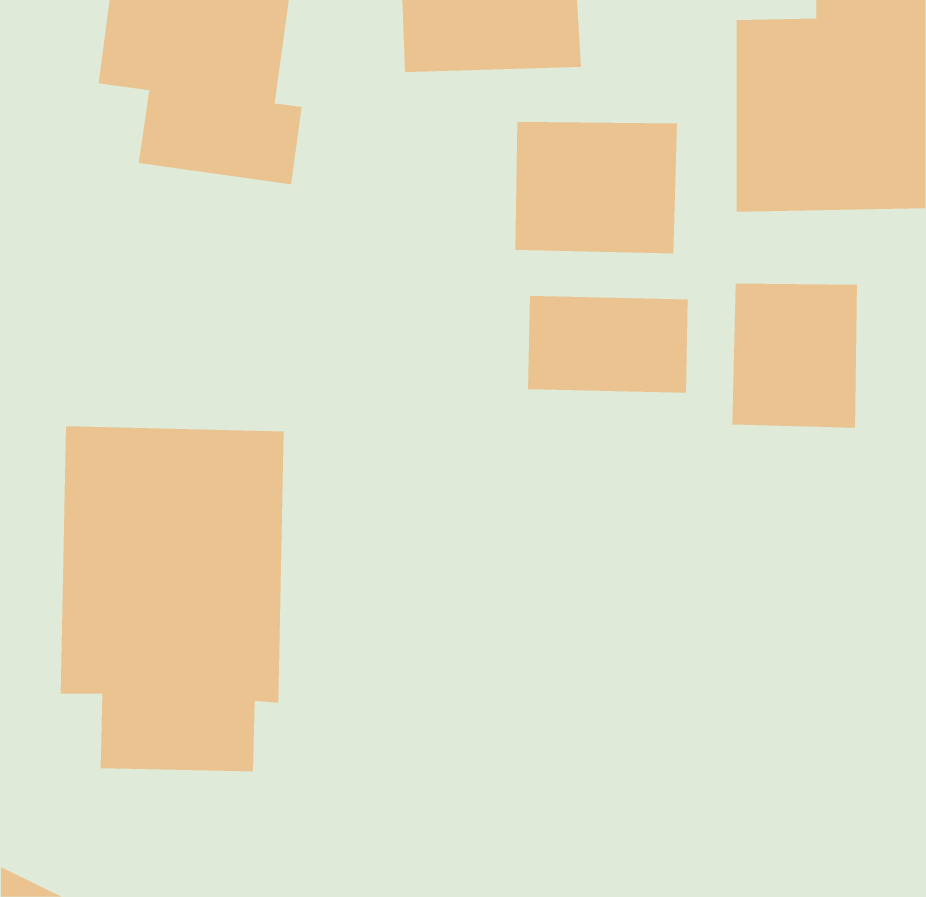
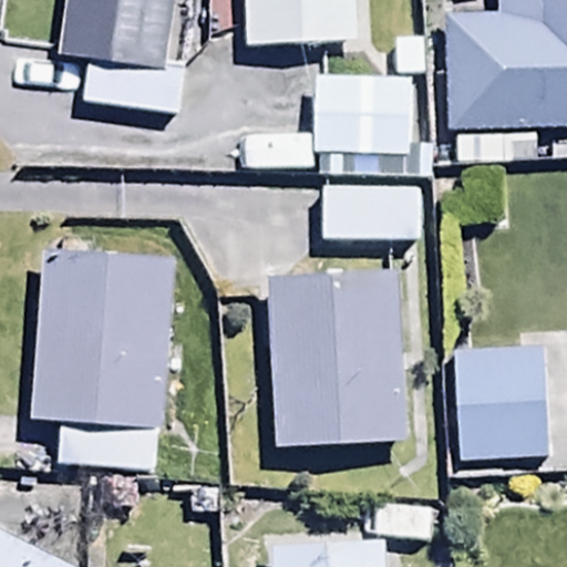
building: [732,283,858,429] -> none
building: none -> [267,274,409,447]
building: none -> [455,342,548,456]

